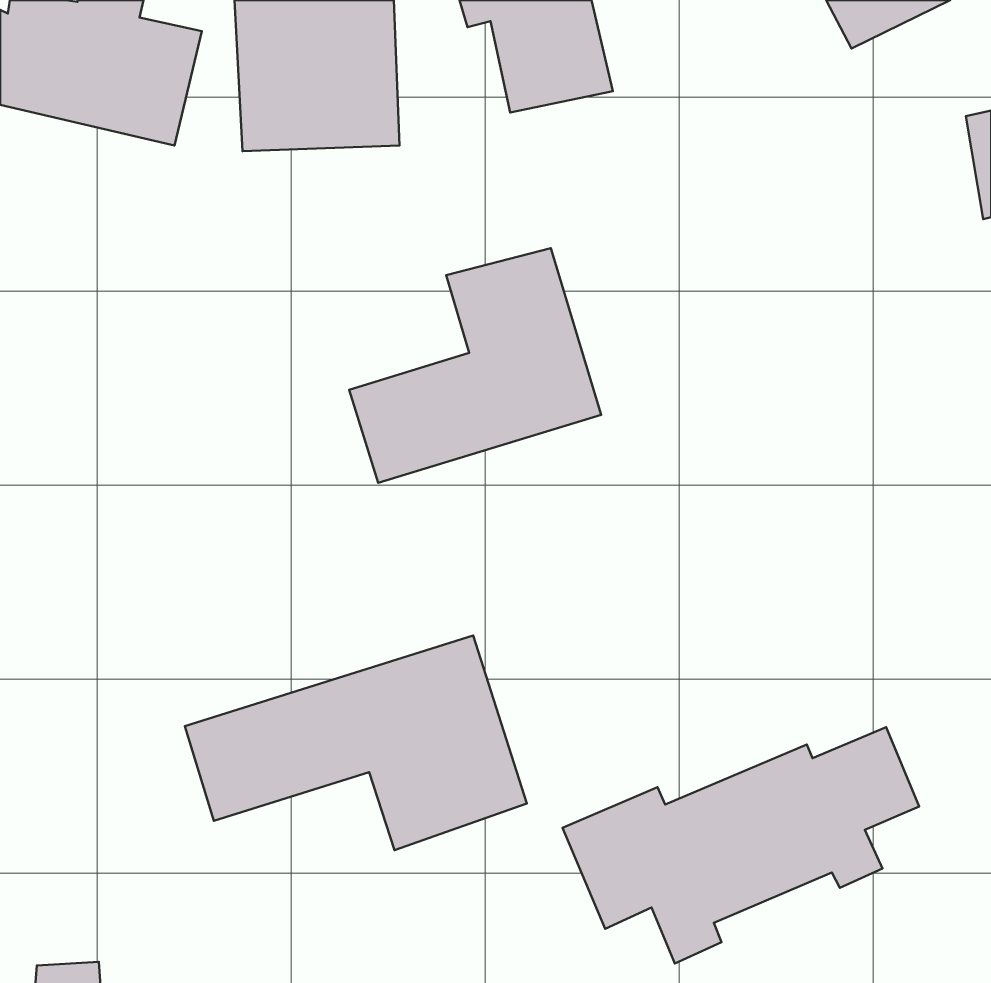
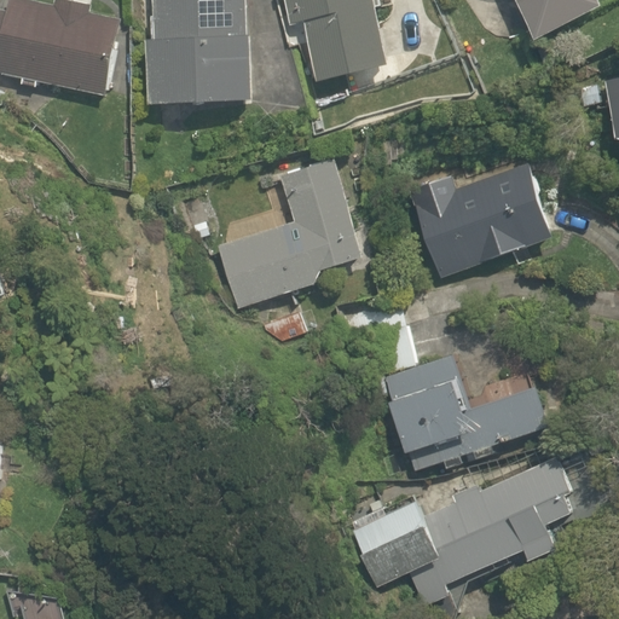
building: none -> [404,164,550,277]
building: none -> [342,305,550,478]
building: [185,635,527,850] -> none

